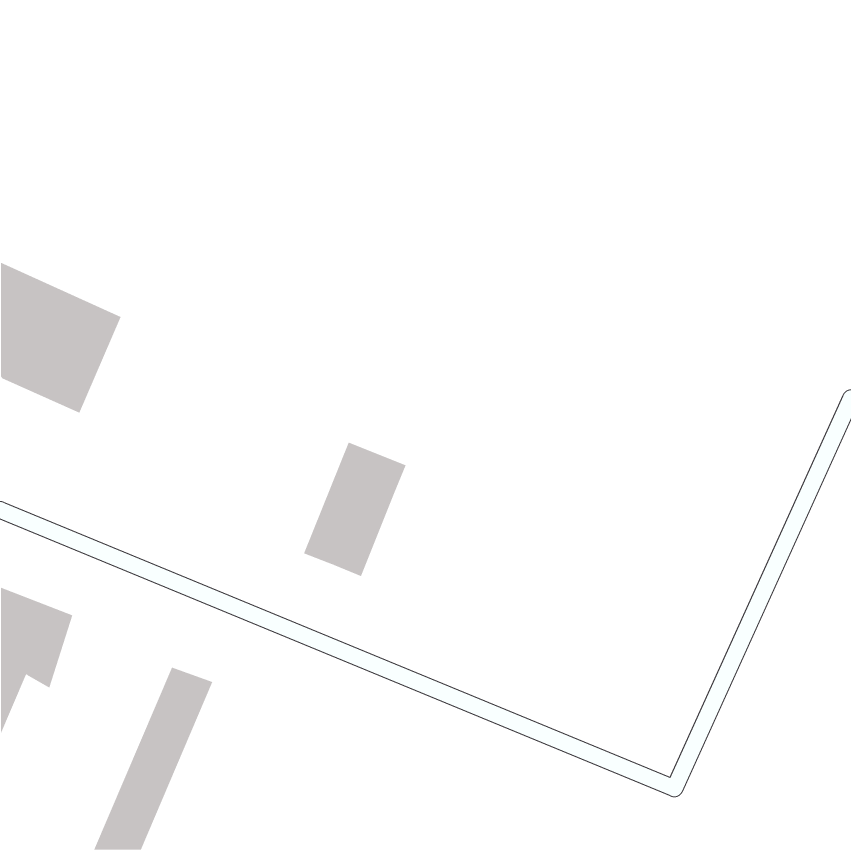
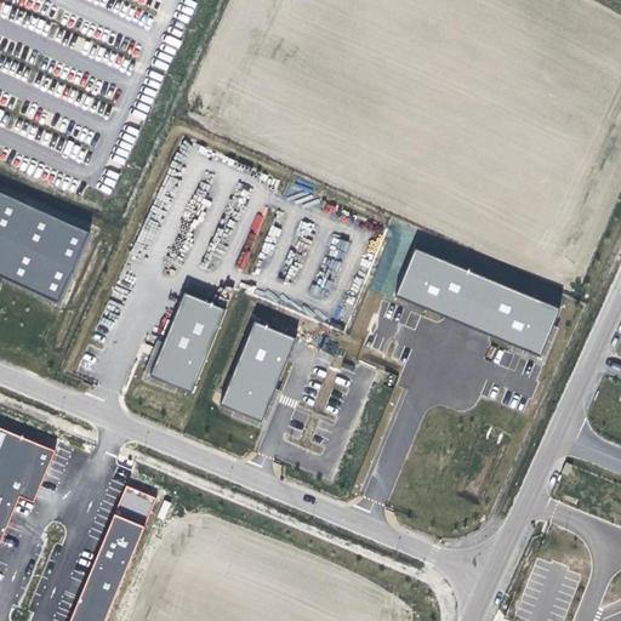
building: none -> [397,249,558,354]
building: none -> [153,294,226,391]

